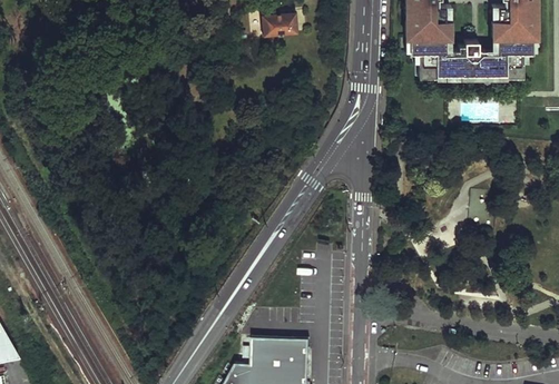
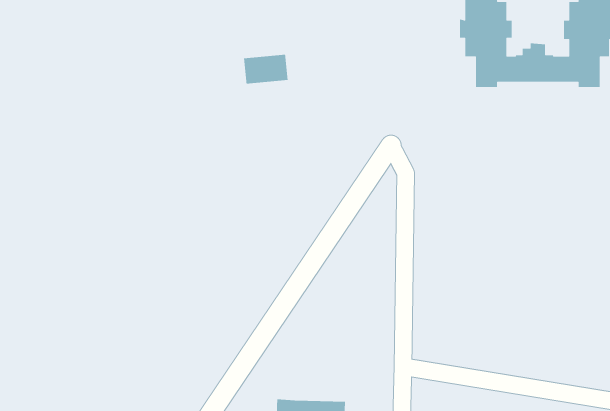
building: [256,11,294,37] -> [243,54,288,84]

